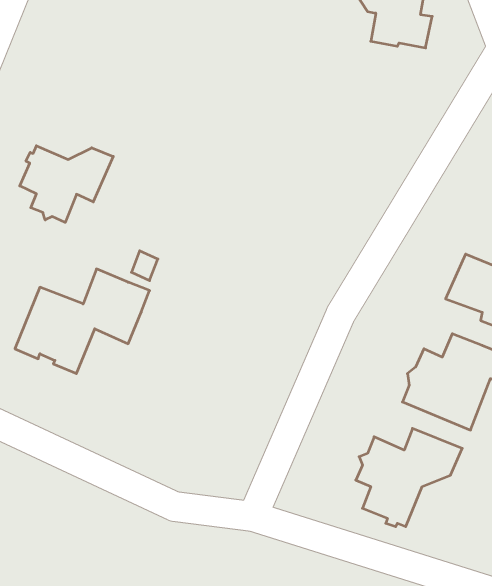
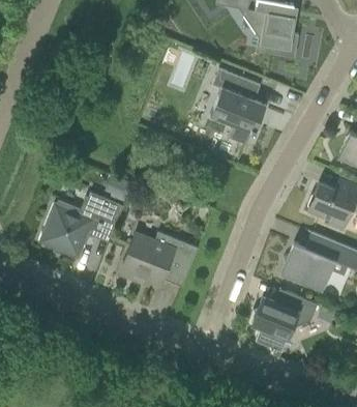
building: none -> [210,67,266,144]
building: [20,146,113,222] -> none
building: none -> [121,231,198,287]

